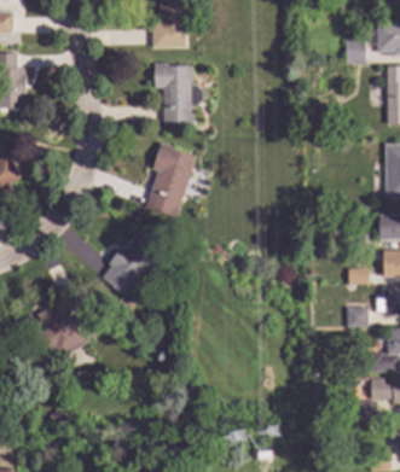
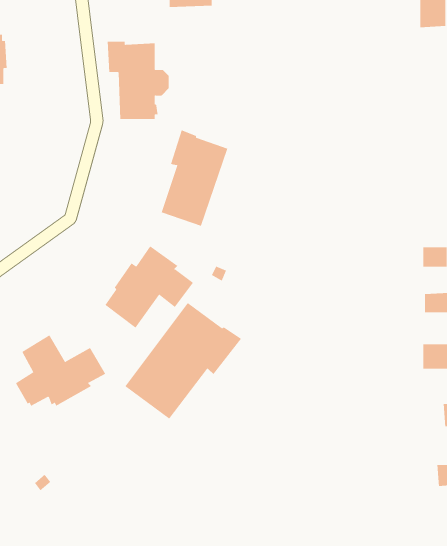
building: [155,64,203,124] -> [107,41,170,120]
building: none -> [124,302,242,420]

